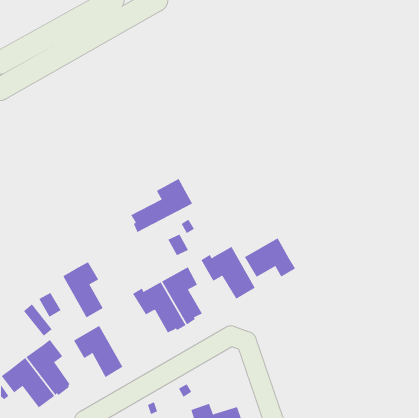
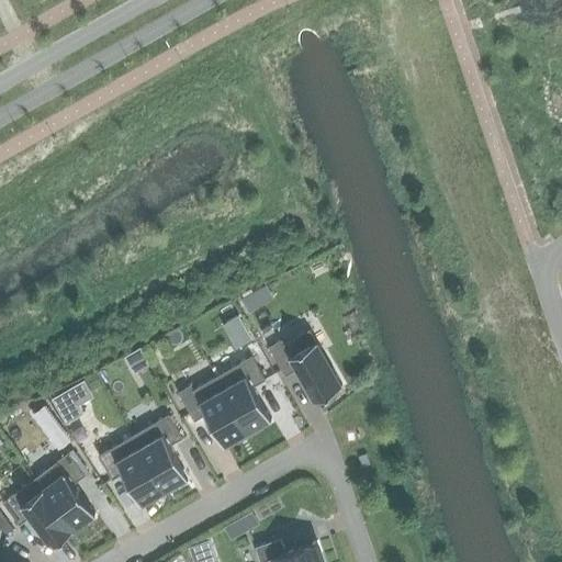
building: [131,178,193,233] -> none
building: [244,238,296,278] -> none
building: [62,261,103,318] -> [134,417,189,493]

